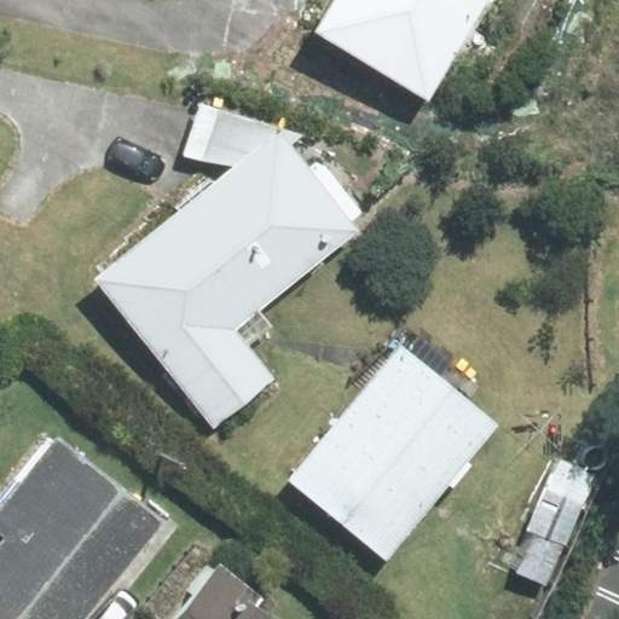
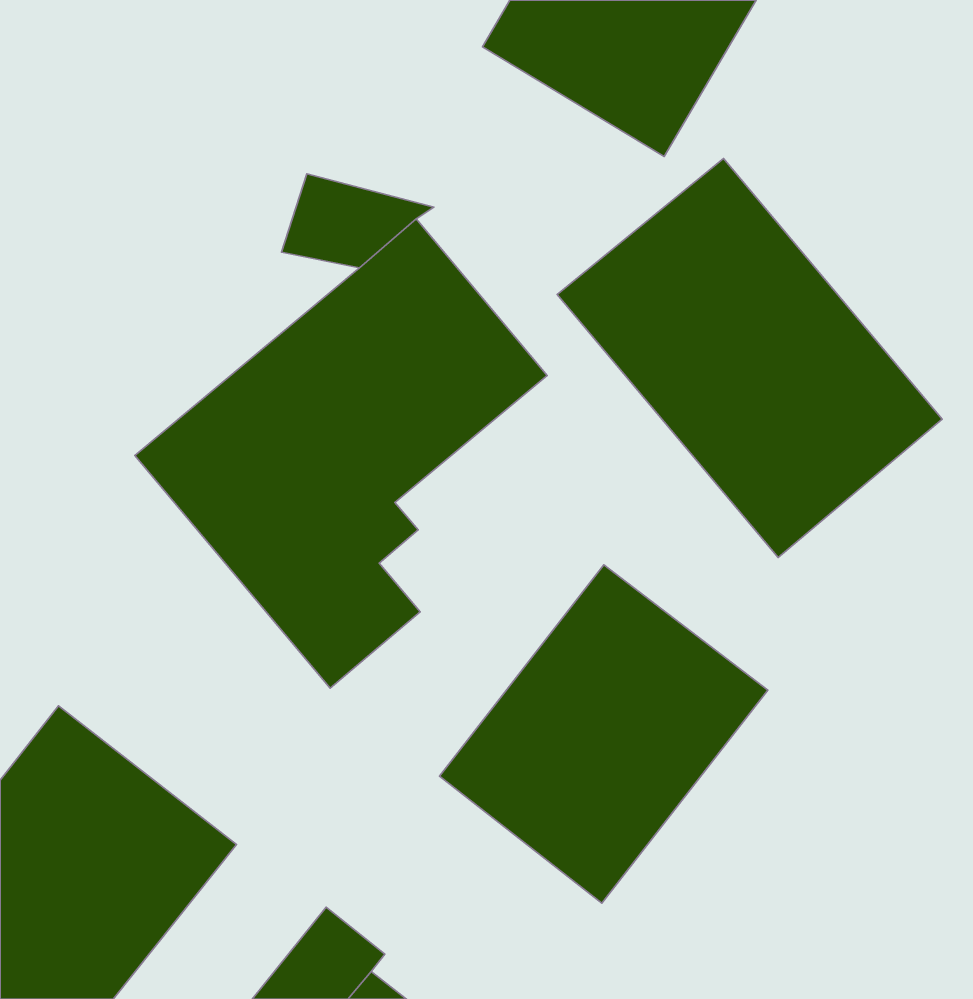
building: none -> [557,158,942,558]

